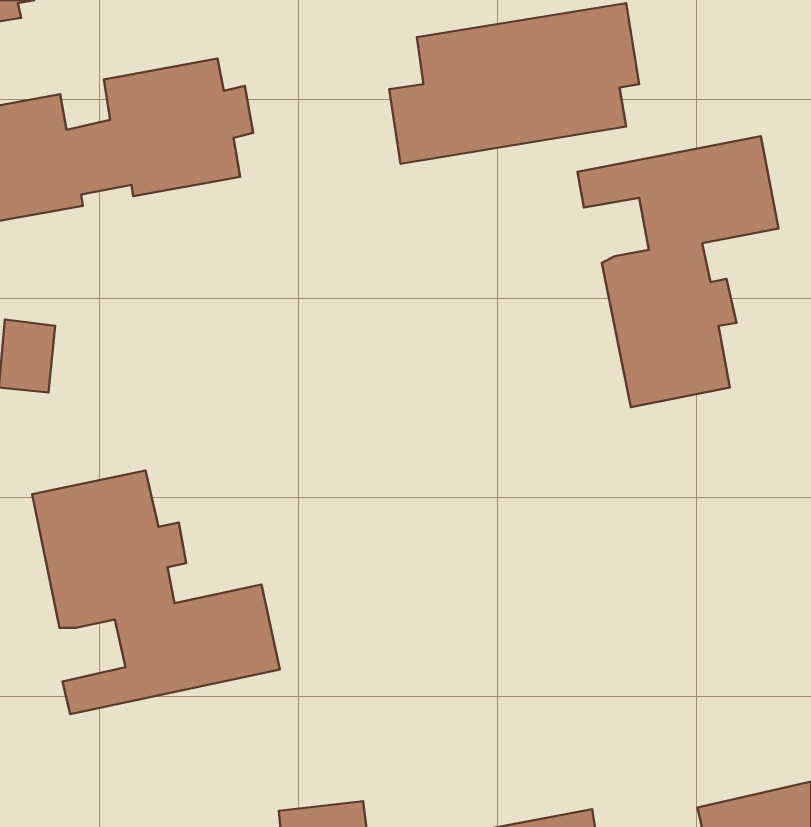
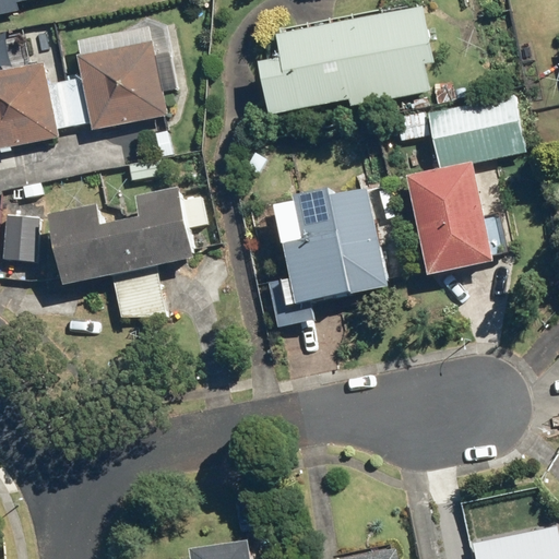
building: none -> [281,183,390,308]
building: none -> [47,189,202,285]
building: [32,470,280,714] -> none

